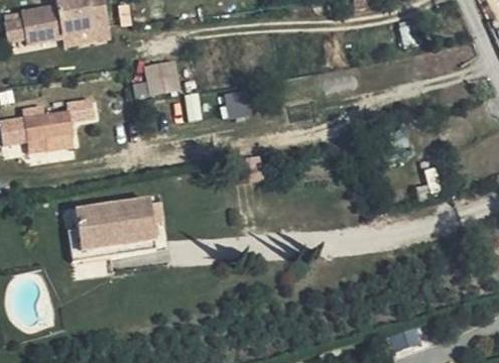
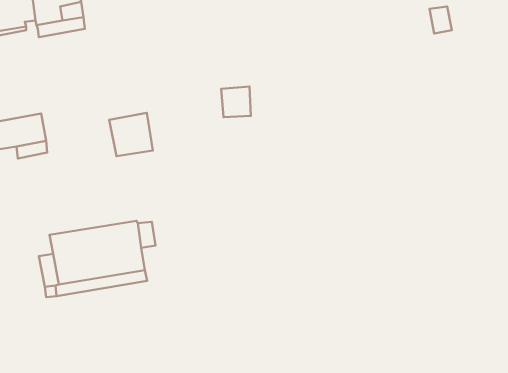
building: [141,57,178,95] -> [109,113,153,156]

